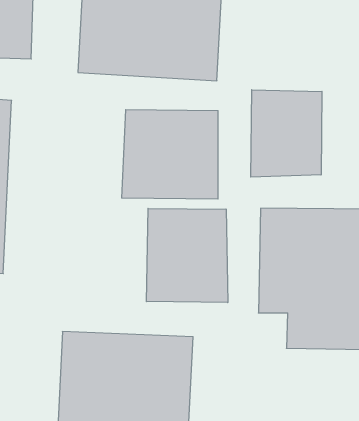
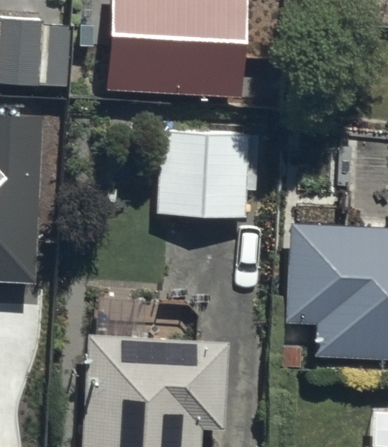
building: [251,90,322,177] -> none
building: [146,208,228,303] -> none

